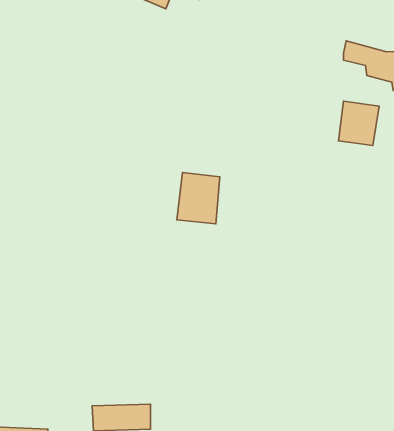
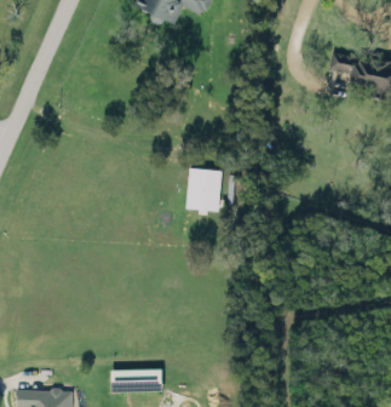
building: [339,101,379,146] -> none

